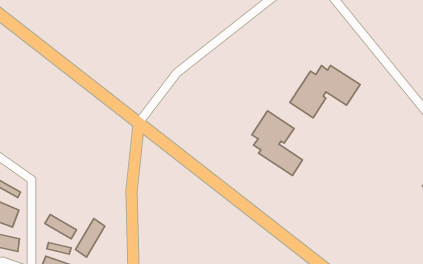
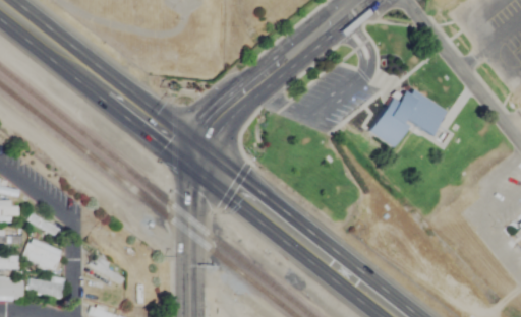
building: [252,111,303,176] -> none
building: [76,218,105,257] -> none

